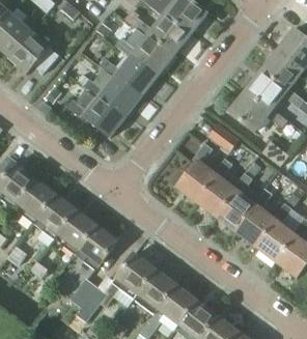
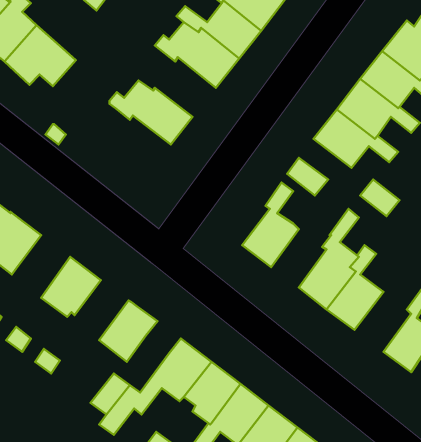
building: [100,53,159,95] -> none
building: [66,94,127,137] -> none
building: [198,157,241,217] -> none
building: [17,179,55,224] -> none
building: [257,202,298,262] -> none
building: [58,211,96,254] -> none

